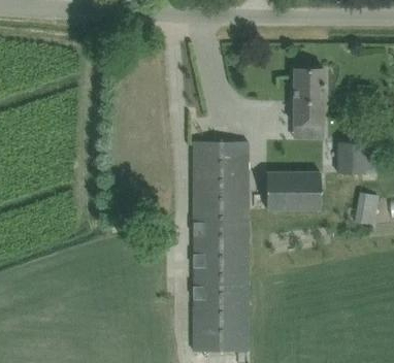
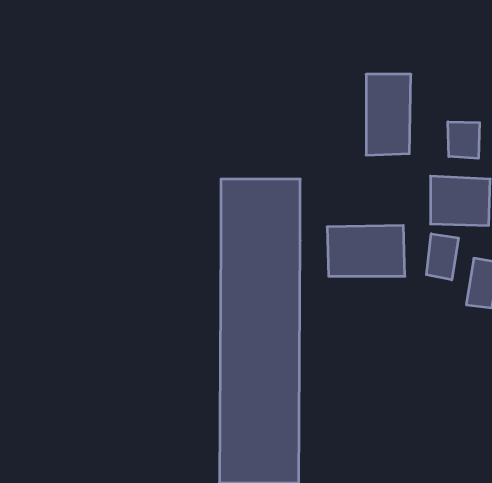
building: none -> [448,122,480,158]
building: none -> [426,234,458,280]

